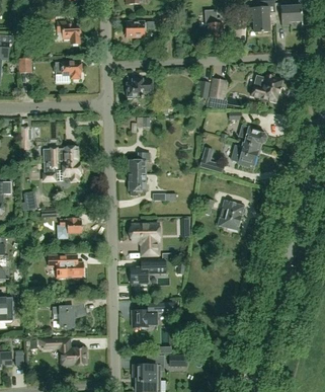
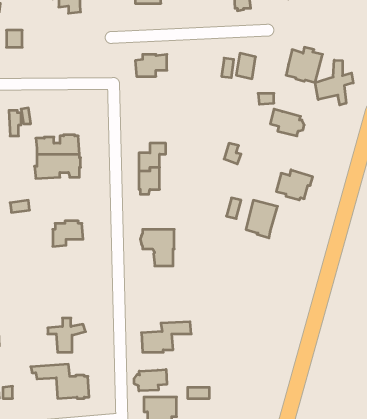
building: [55,62,82,83] -> none
building: none -> [315,60,353,105]
building: [230,142,260,167] -> [276,170,313,200]
building: [48,253,83,278] -> none
building: [131,258,166,284] -> none
building: none -> [134,369,167,391]

